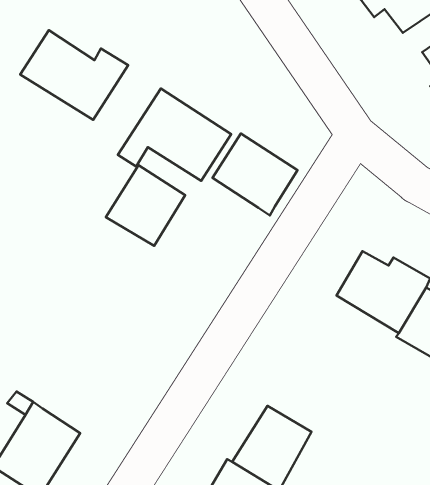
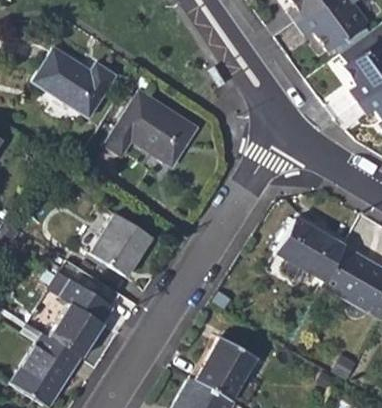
building: [212,134,298,216] -> none
building: [106,165,185,246] -> [91,214,152,276]
building: none -> [50,280,112,358]

